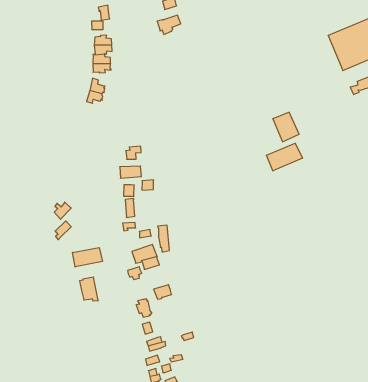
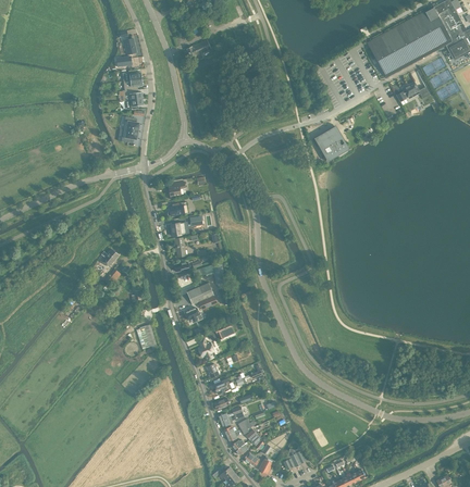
building: [267,143,302,171] -> none
building: [73,248,102,267] -> none

